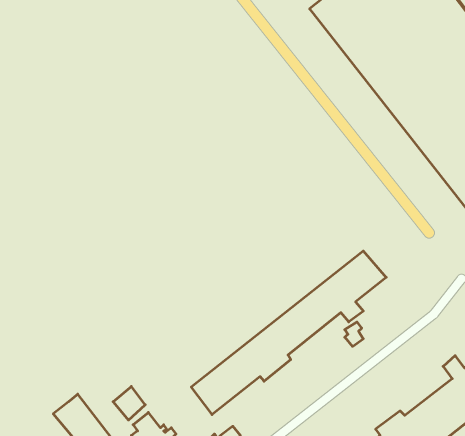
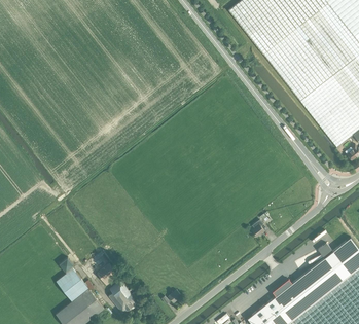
building: [191,251,386,415] -> none

